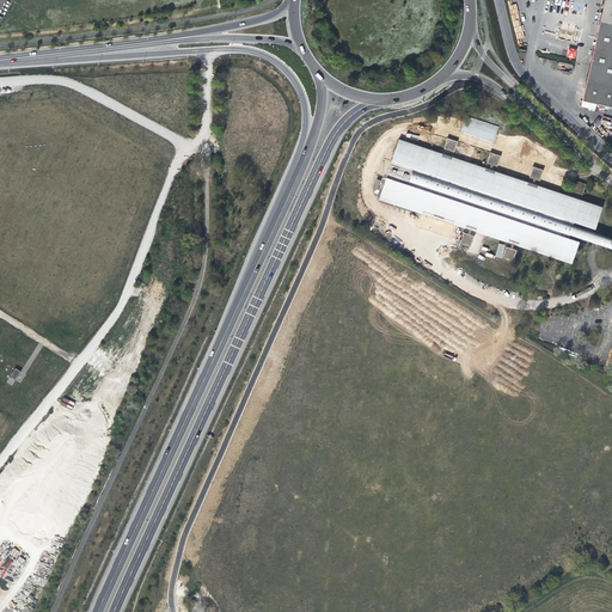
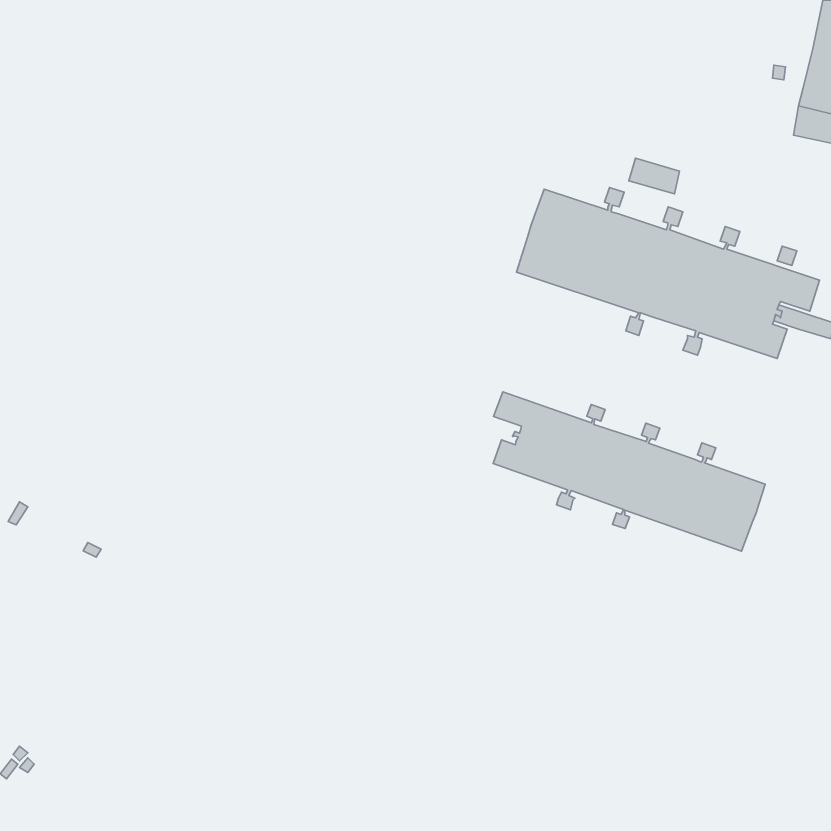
building: none -> [493,392,765,551]

